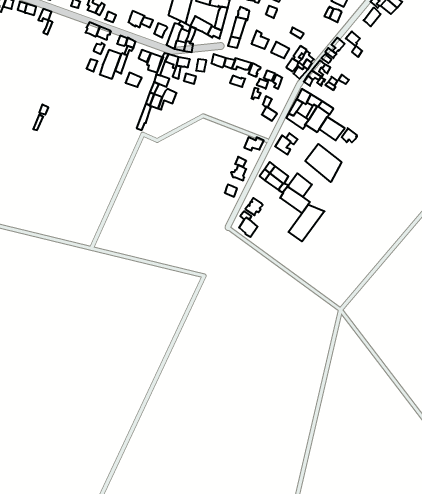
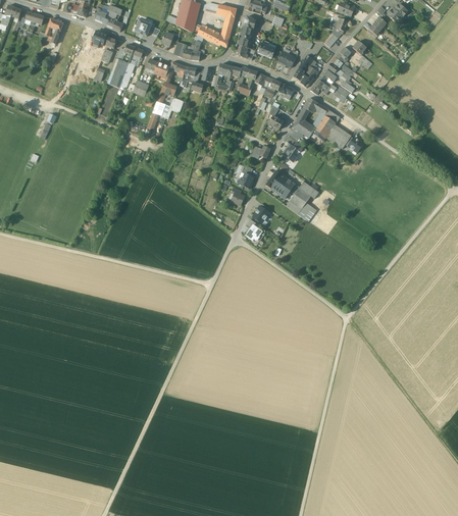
building: [305,144,342,182] -> none
building: [288,204,325,241] -> none

